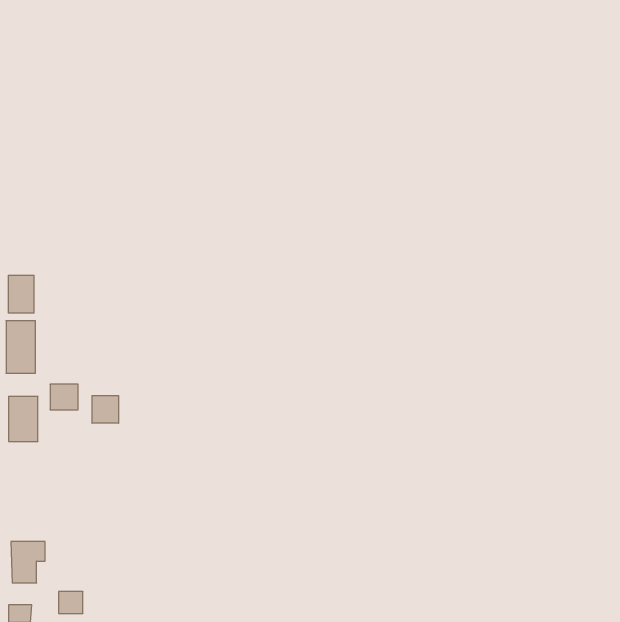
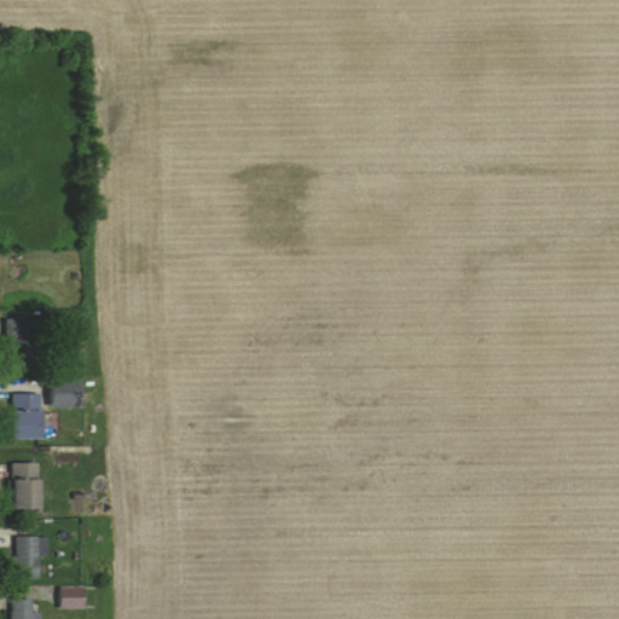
building: [8,275,34,313] -> none
building: [92,396,119,423] -> none
building: none -> [11,462,41,509]

